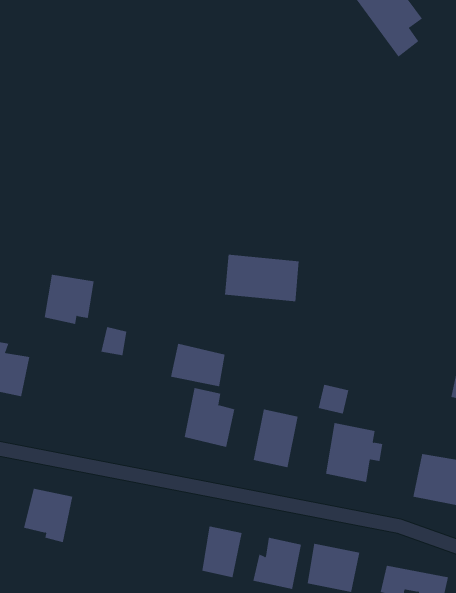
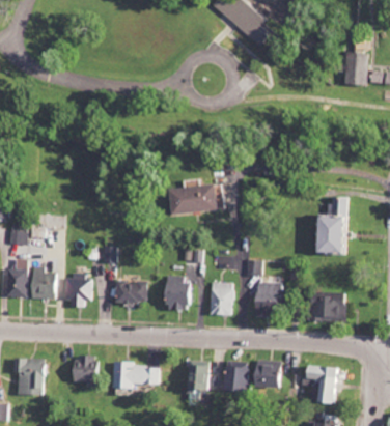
building: [44,274,95,325] -> [63,276,91,305]
building: [170,343,225,387] -> [114,280,146,303]
building: none -> [113,364,160,390]

